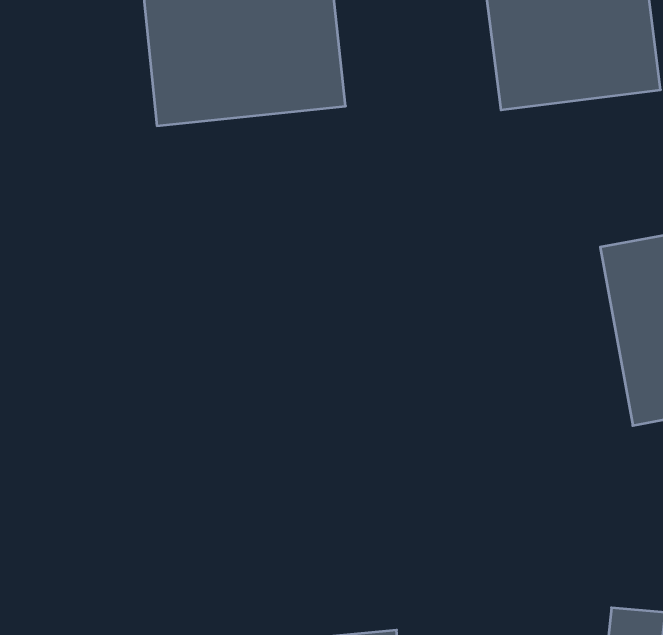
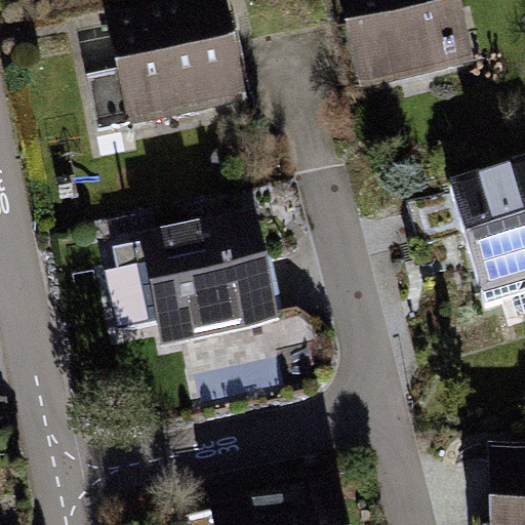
building: none -> [130,208,279,353]

